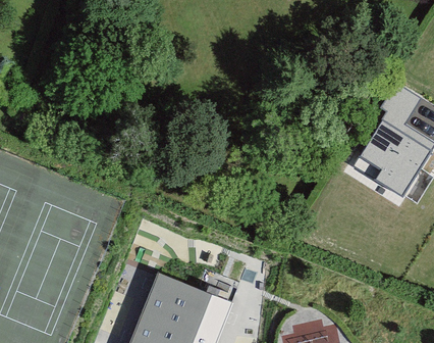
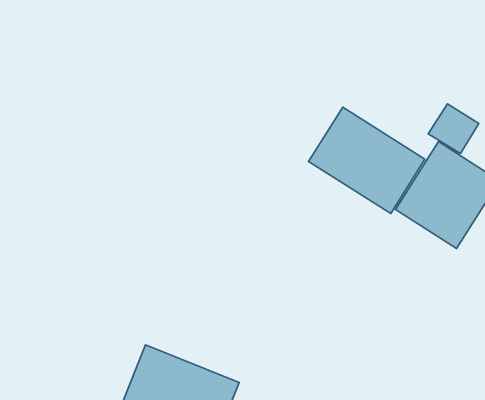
building: none -> [309,107,425,214]

